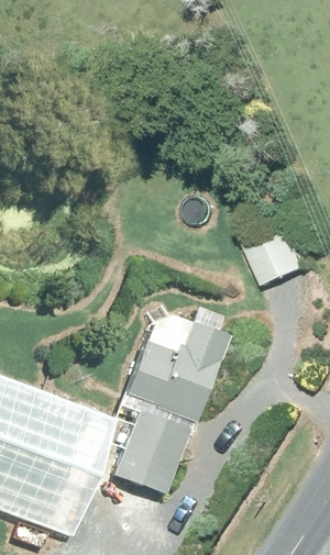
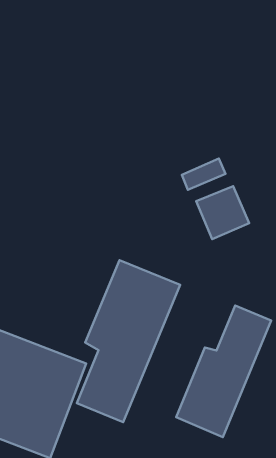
building: none -> [176,305,271,437]

